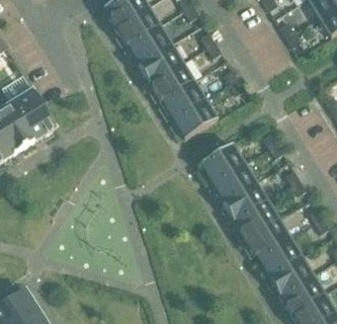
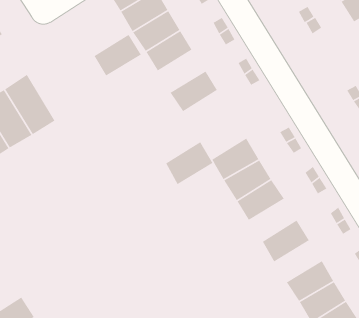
building: [149,61,193,100] -> [94,34,142,77]
building: [172,98,217,139] -> [165,141,213,185]
building: [233,198,277,238] -> none
building: [256,237,301,275] -> none

